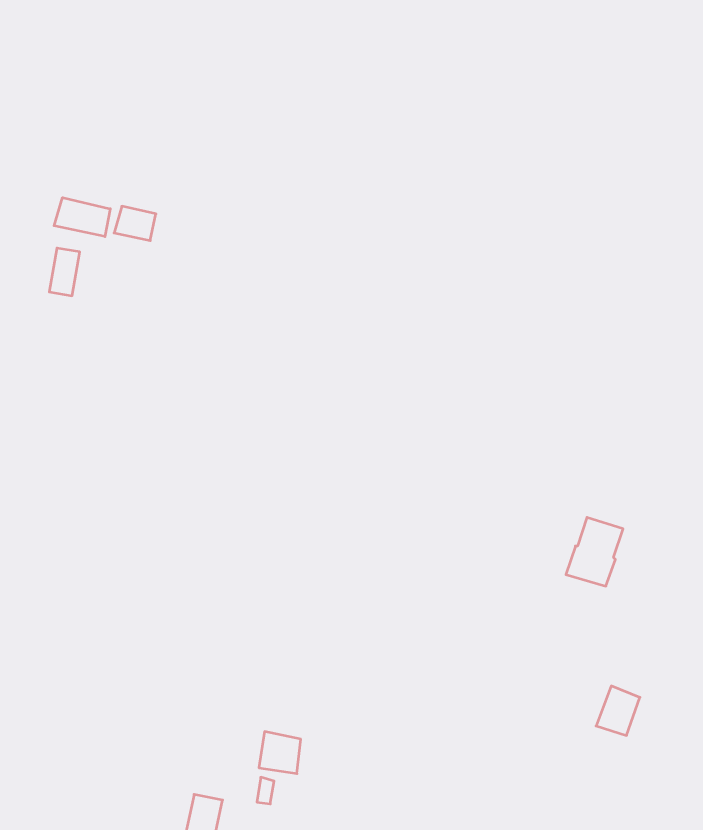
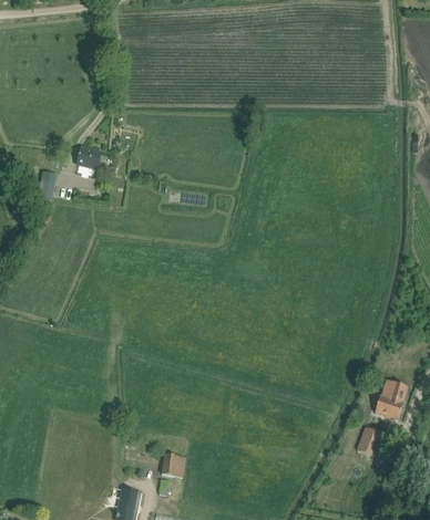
building: [54,198,110,237] -> none
building: [566,517,623,586] -> [375,379,408,419]

